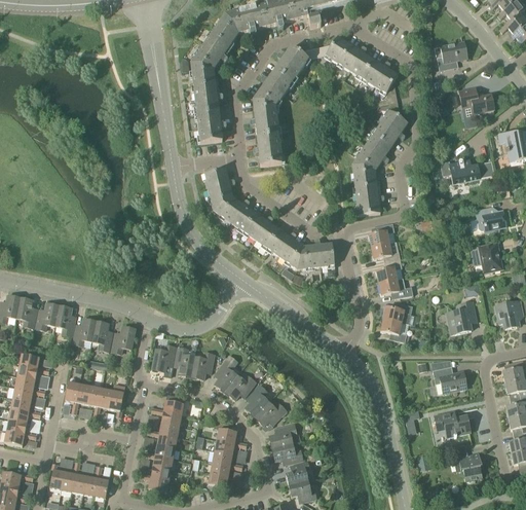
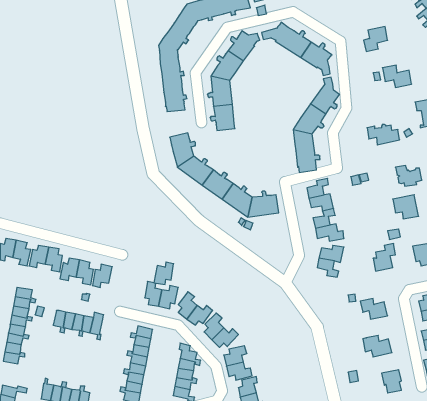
building: [152,344,176,371] -> [154,262,174,284]

